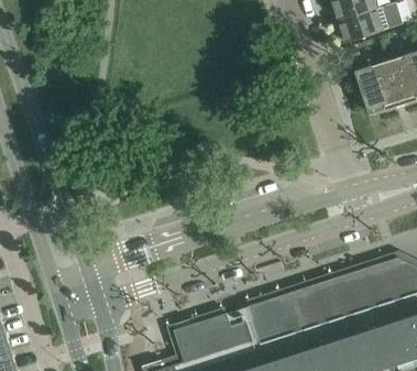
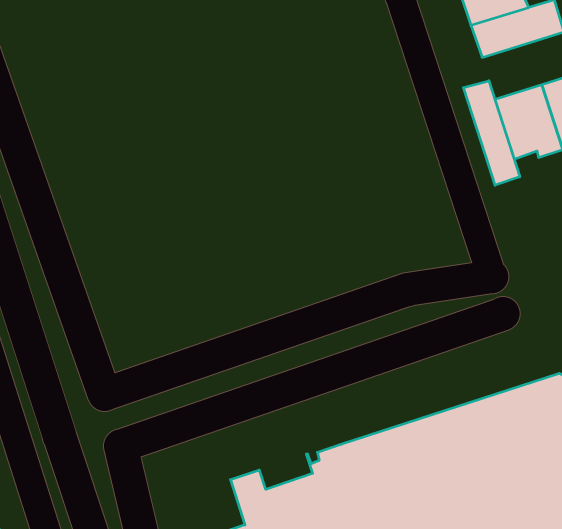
building: none -> [463,81,520,185]

